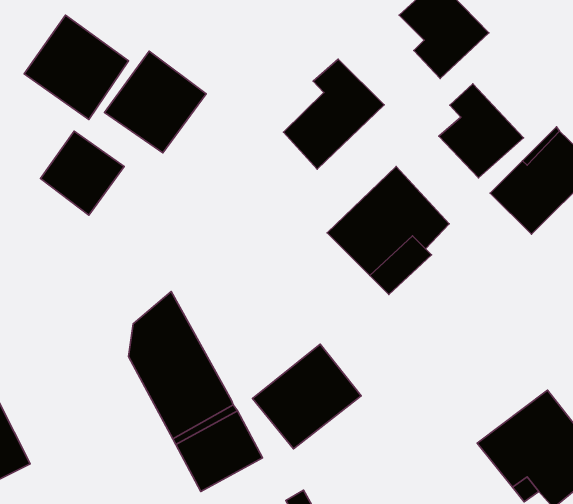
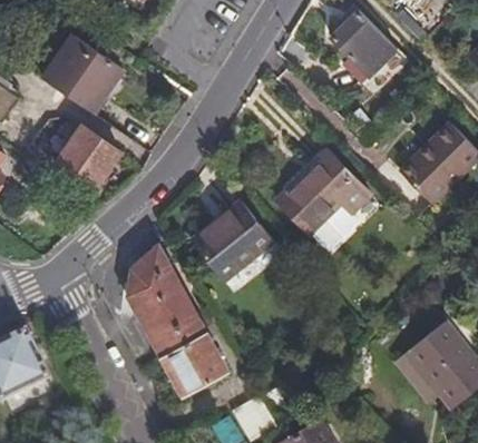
building: [105,51,206,153] -> none
building: [283,59,384,169] -> none
building: [439,84,523,178] -> none
building: [252,344,361,449] -> [191,198,273,277]

